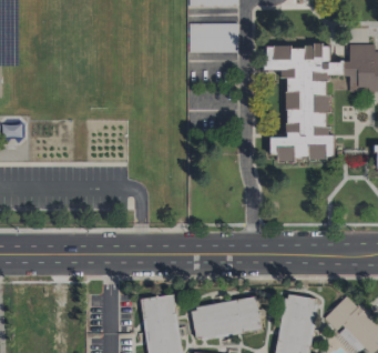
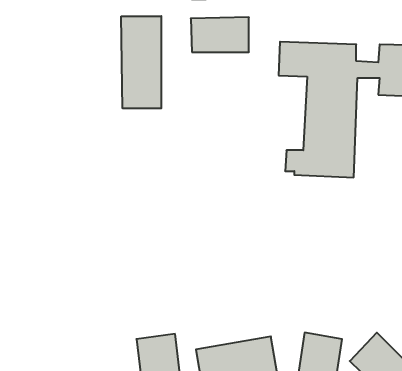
building: none -> [121,16,161,108]

